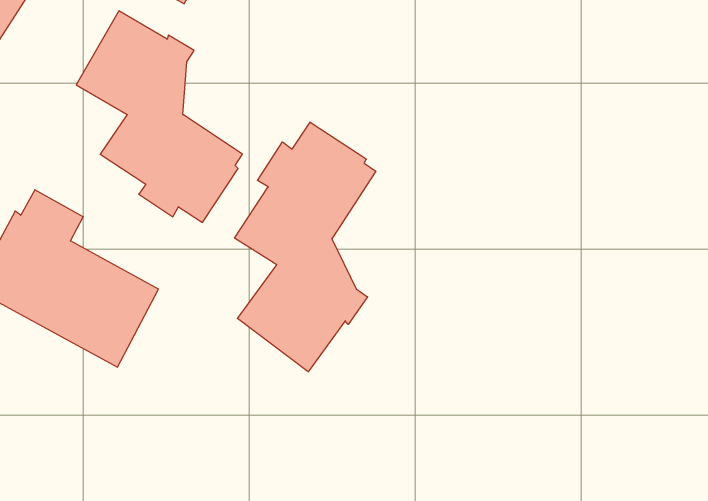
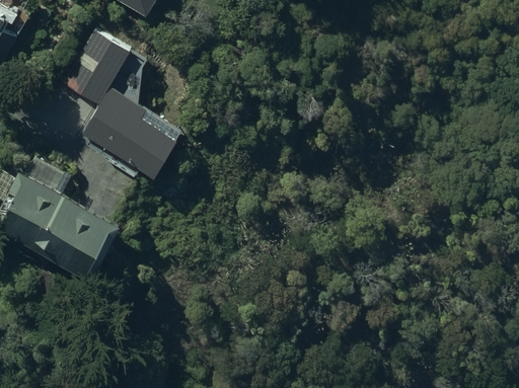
building: [235,122,376,372] -> none

